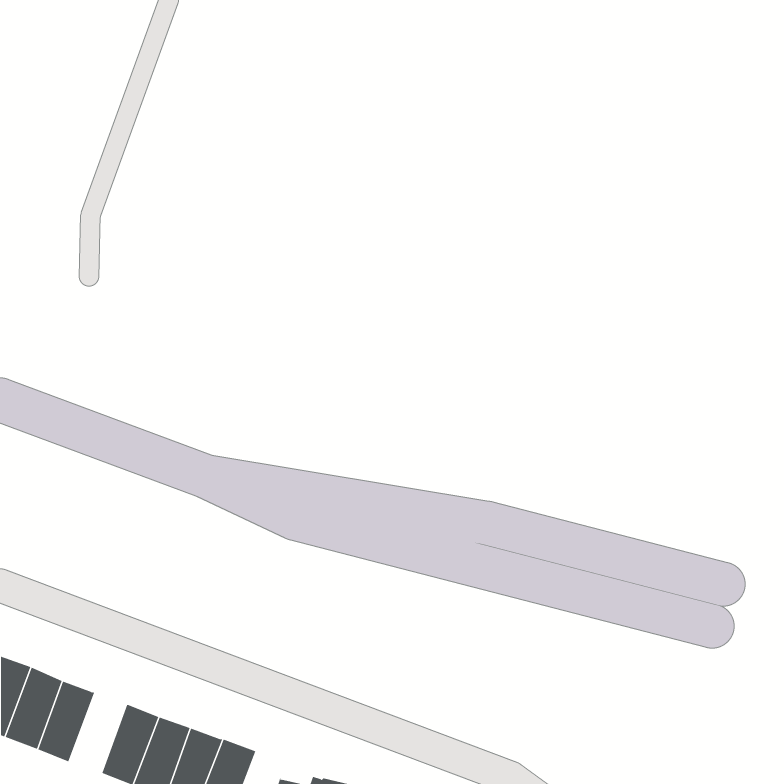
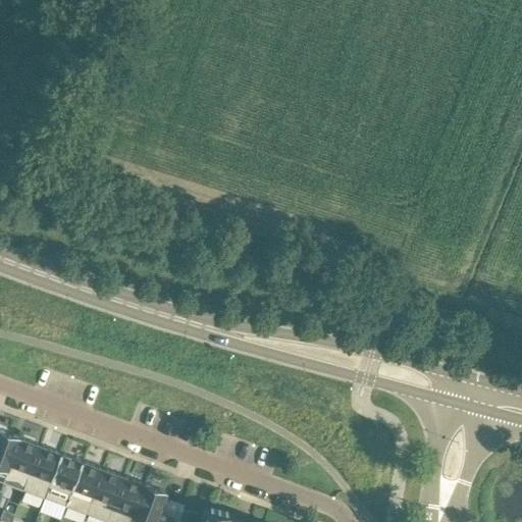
building: none -> [54,461,92,514]

